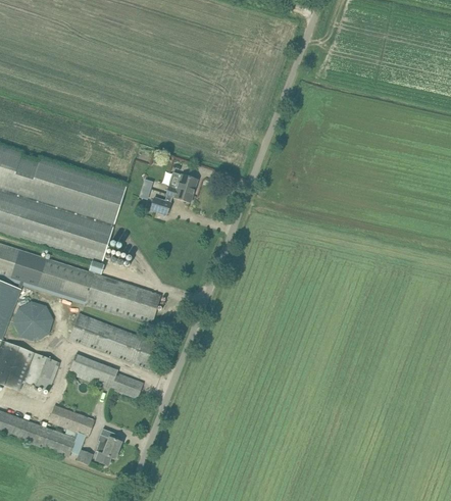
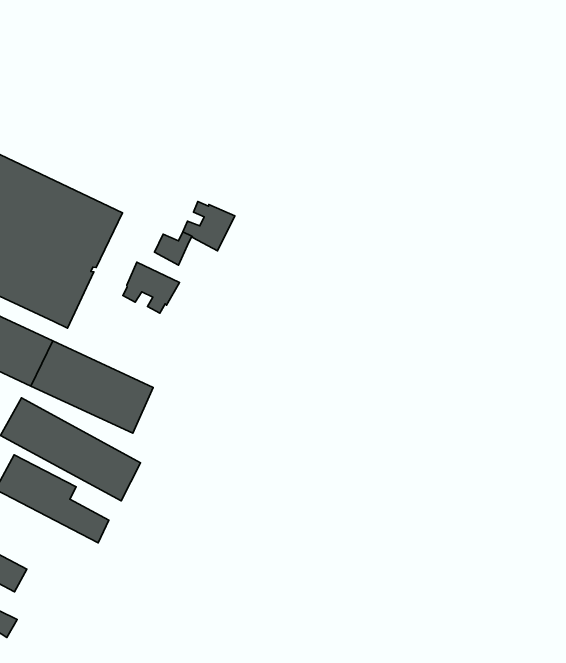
building: none -> [123,262,179,313]
building: [96,428,122,464] -> none

